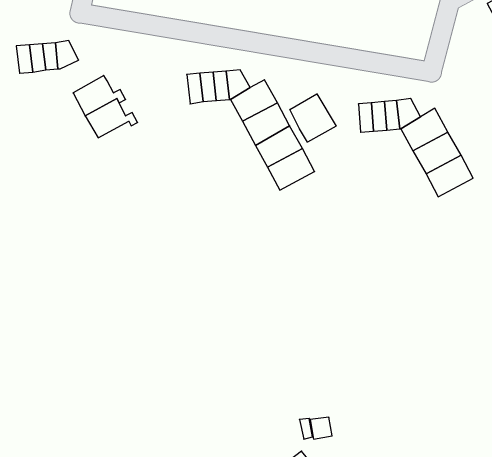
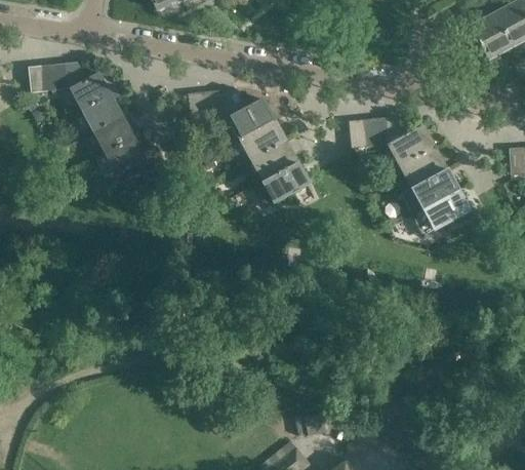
building: none -> [69,73,119,111]
building: [290,94,336,142] -> none
building: none -> [105,138,161,175]
building: none -> [423,191,468,230]

